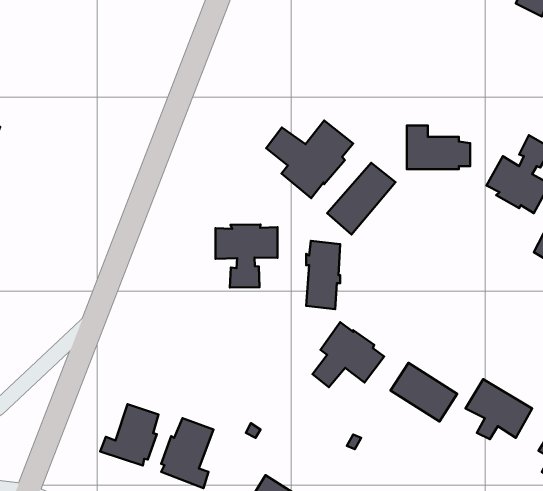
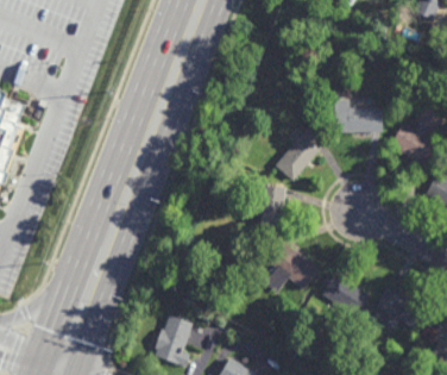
building: [266,121,353,198] -> none
building: [216,224,278,287] -> none
building: [100,404,159,465] -> none

